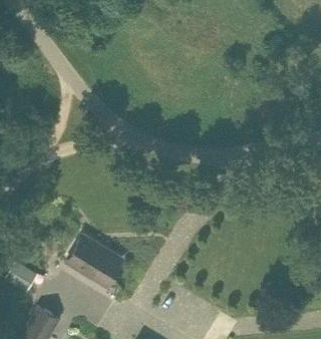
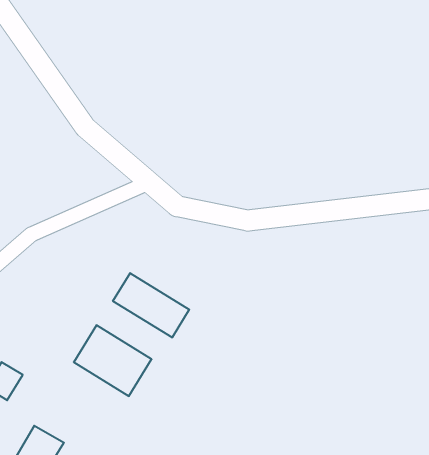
building: none -> [113,273,189,338]

